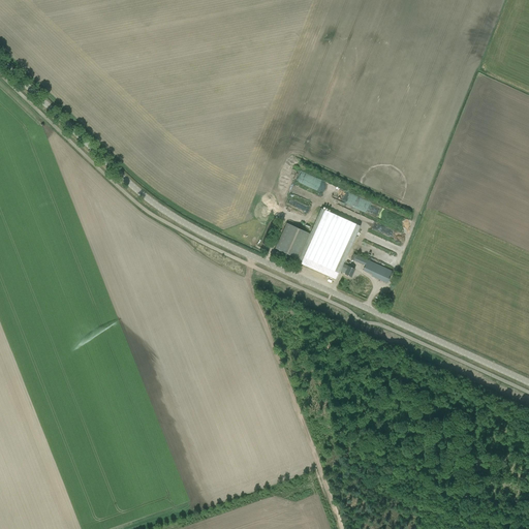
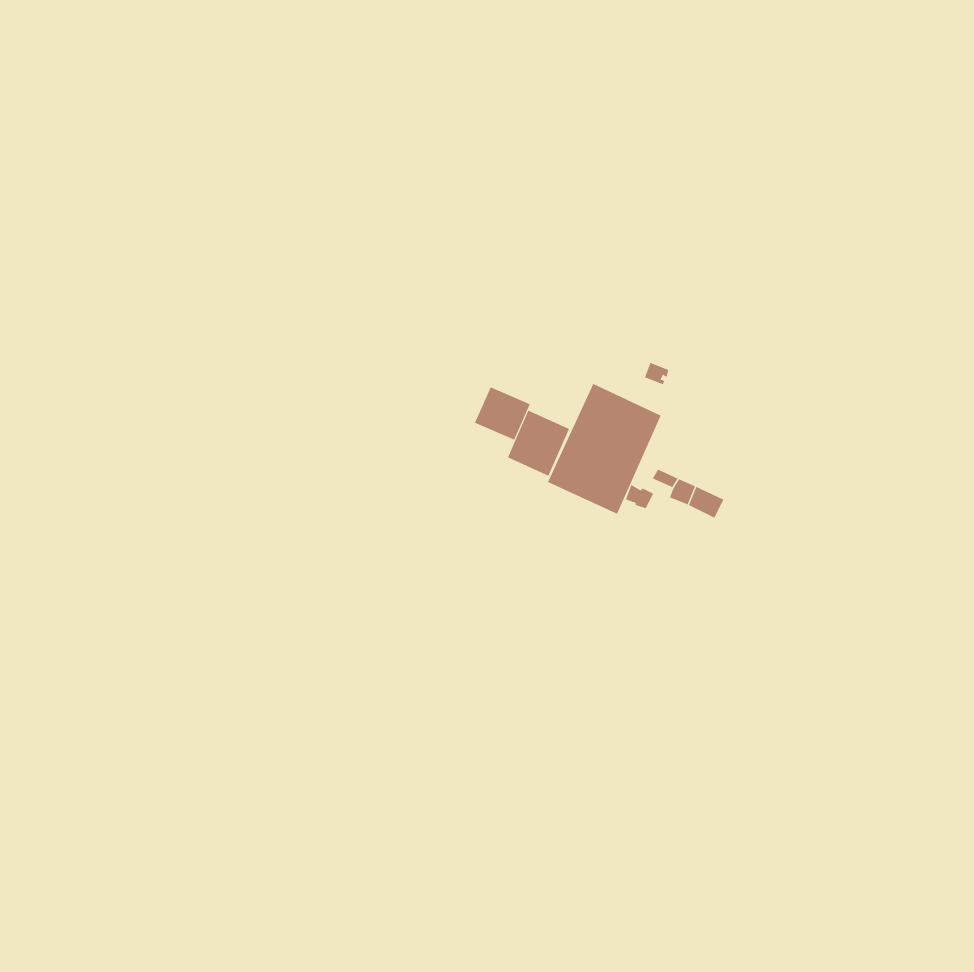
building: none -> [474,387,531,441]

